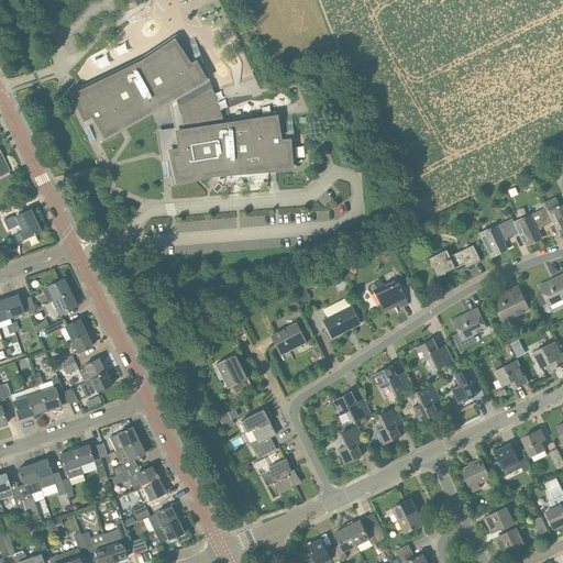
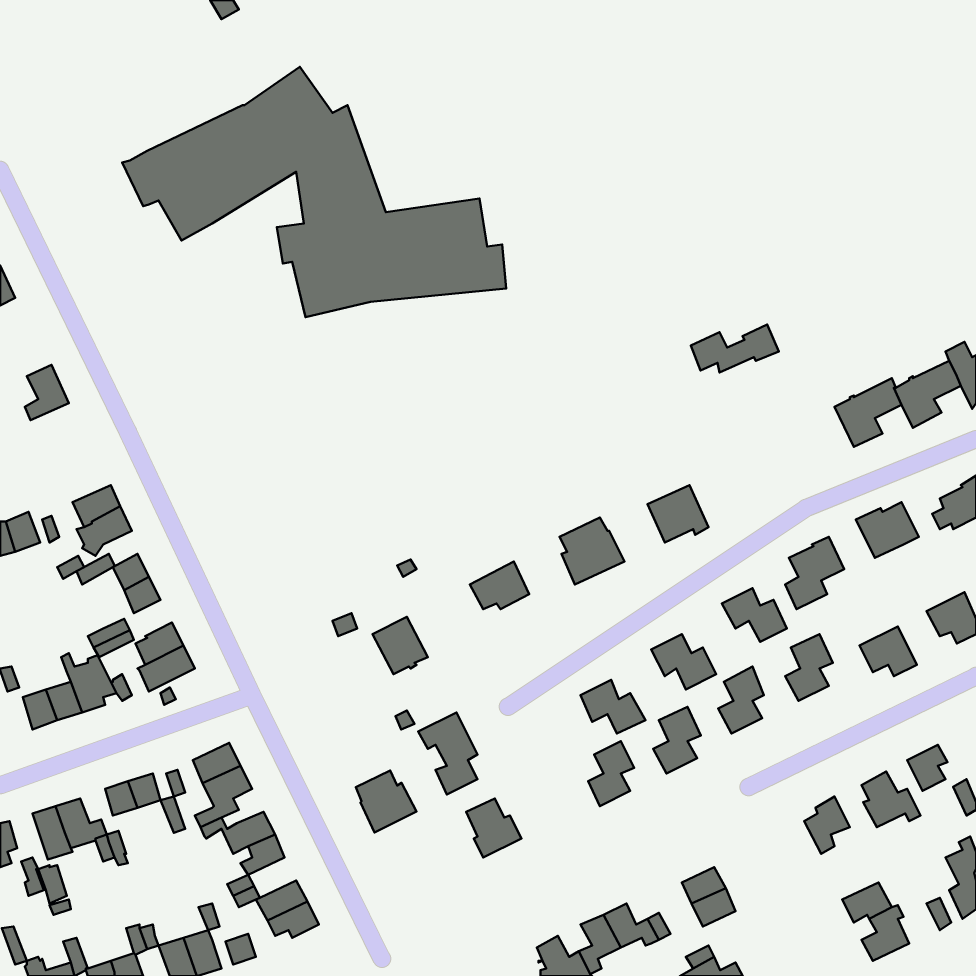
building: [429,244,479,272] -> [691,325,779,372]
building: none -> [356,771,417,833]

